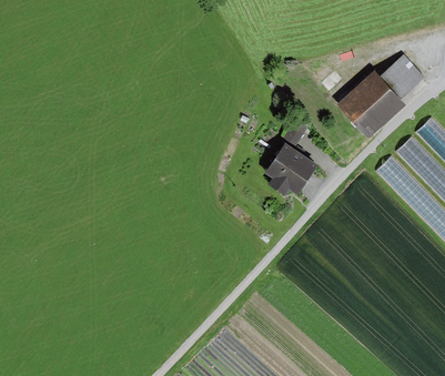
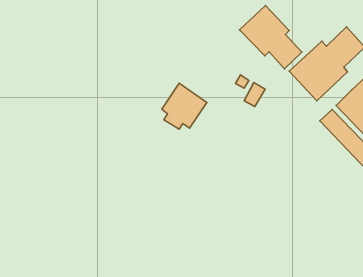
building: none -> [240,5,302,69]
building: [265,143,317,196] -> [162,83,207,129]

